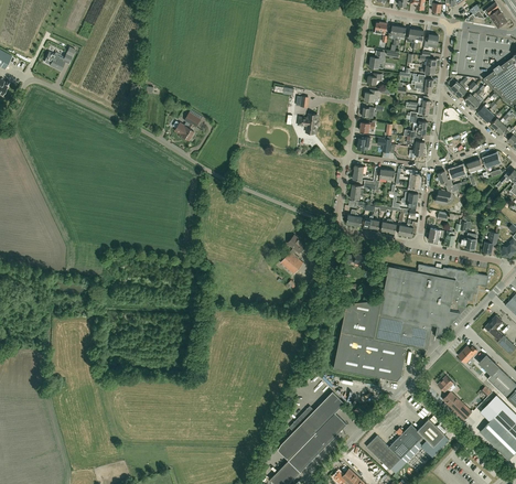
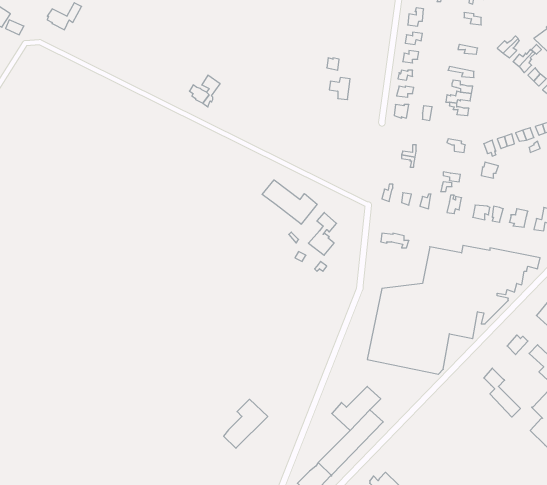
building: none -> [262,180,317,224]
building: [278,417,318,461] -> [224,399,268,448]
building: [366,419,445,474] -> none

